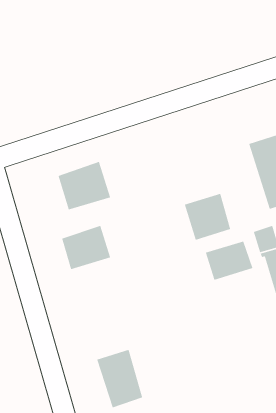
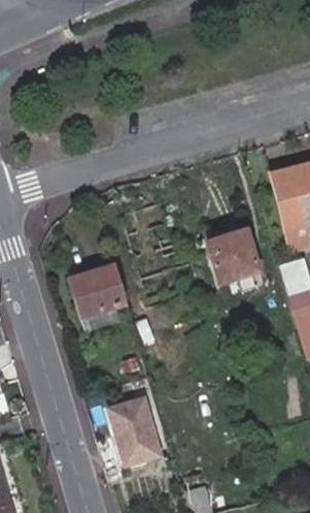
building: [58,161,111,211] -> none
building: [205,240,253,281] -> none

